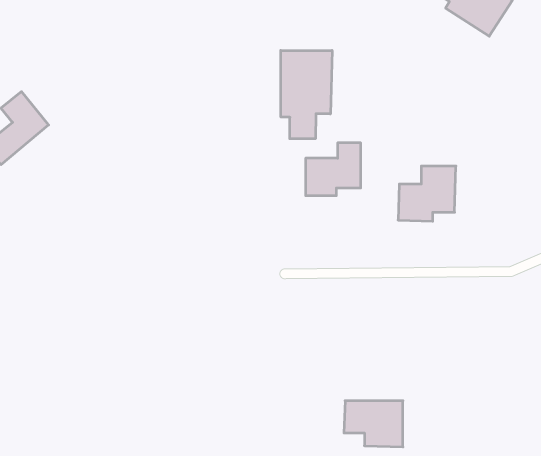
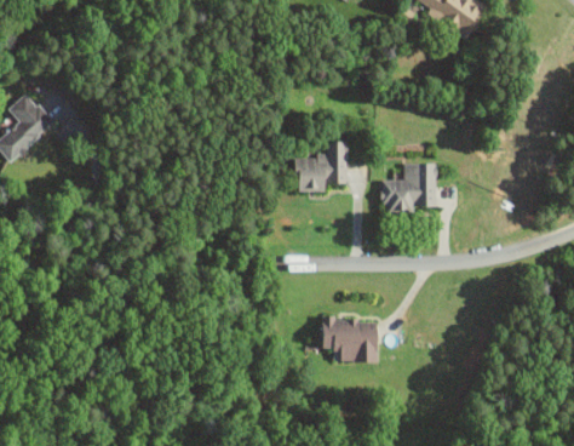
building: [281,50,332,139] -> none
building: [344,401,403,447] -> [321,319,377,362]

